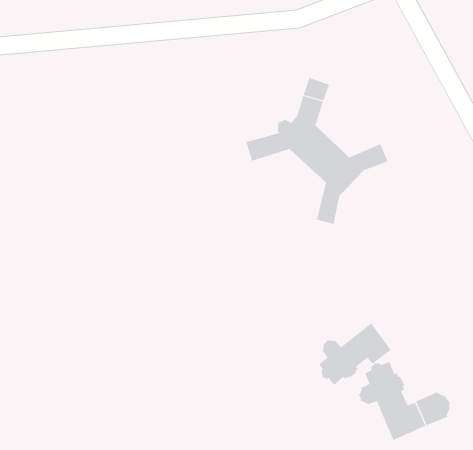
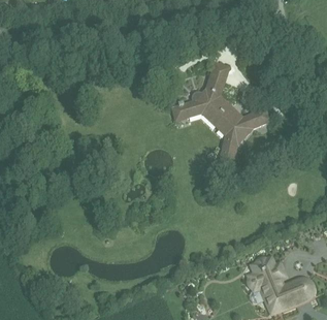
building: [319,322,391,386] -> none

